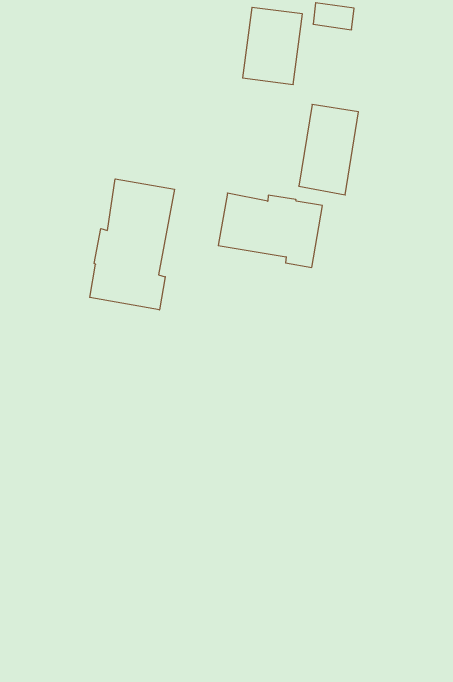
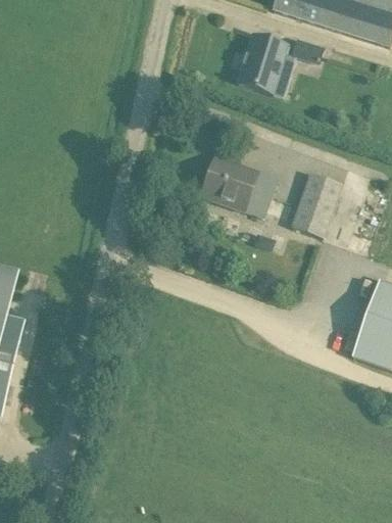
building: [299,104,358,195] -> [291,173,340,238]
building: [90,179,174,310] -> none

